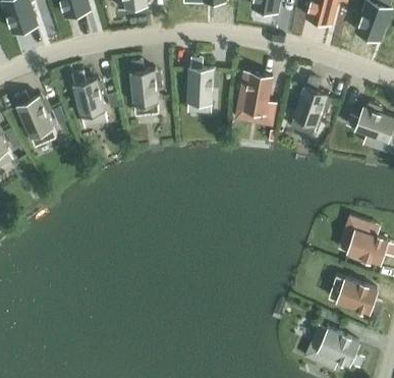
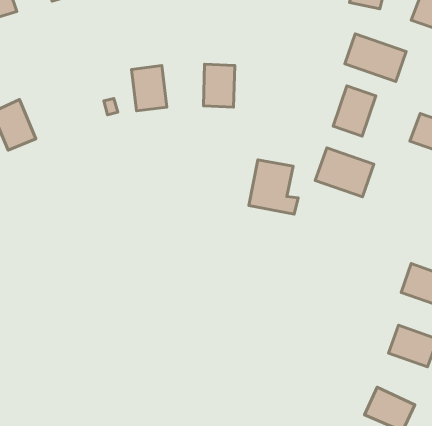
building: none -> [345,34,406,81]
building: [236,72,276,116] -> [249,160,298,214]
building: [72,78,105,117] -> none
building: none -> [315,148,374,197]

